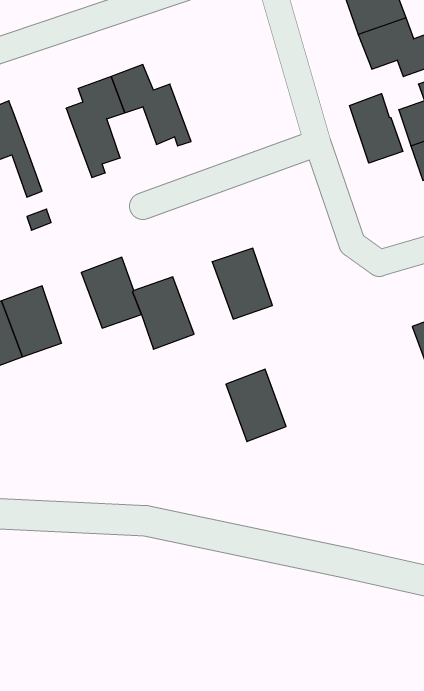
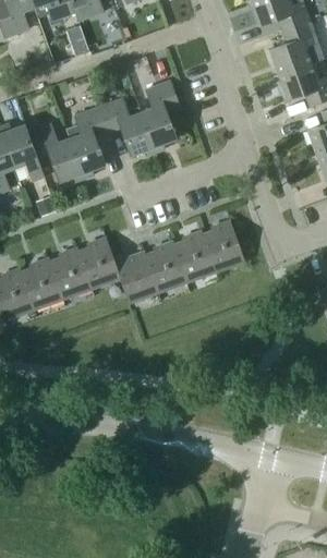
building: none -> [142,80,180,153]
building: [349,94,403,163] -> none
building: none -> [28,123,85,182]
building: none -> [202,219,245,271]
building: none -> [49,247,93,299]
building: [226,369,286,442] -> [144,240,187,292]

